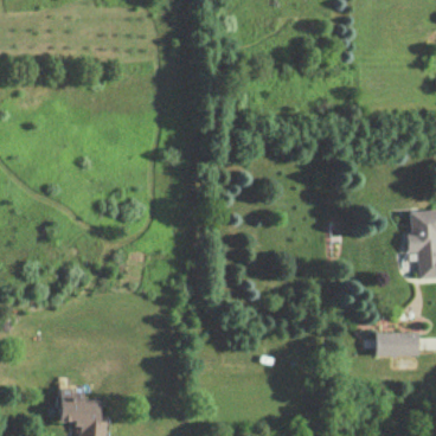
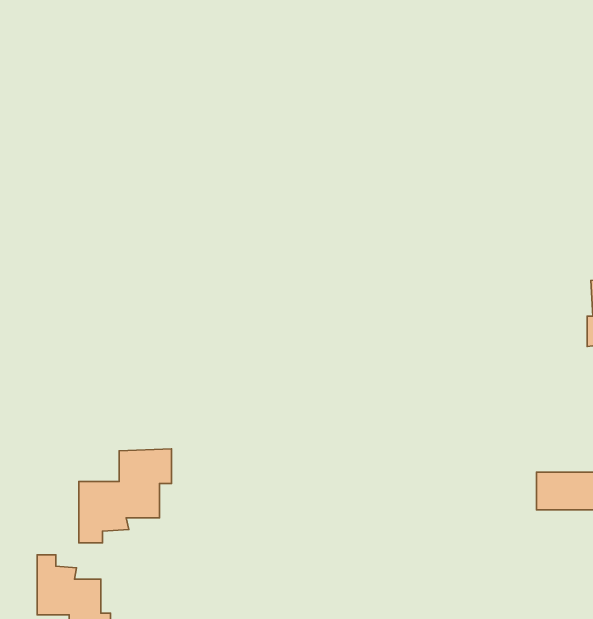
building: none -> [79,449,171,543]

